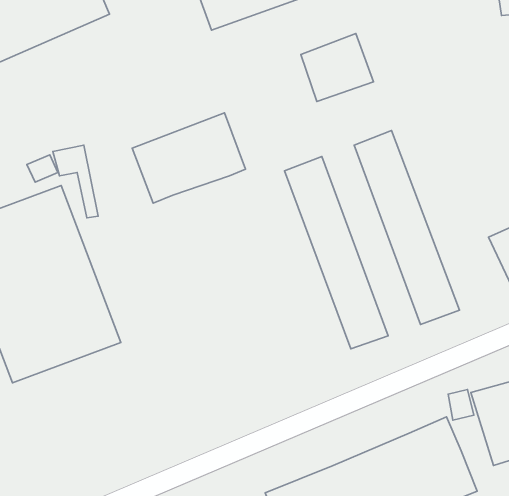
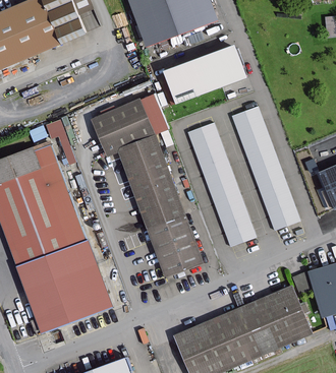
building: none -> [166,59,210,100]
building: none -> [119,135,202,274]
building: none -> [18,240,112,330]

